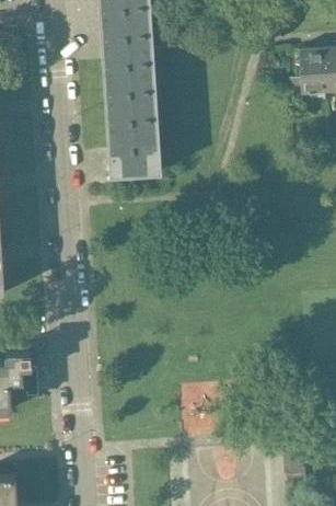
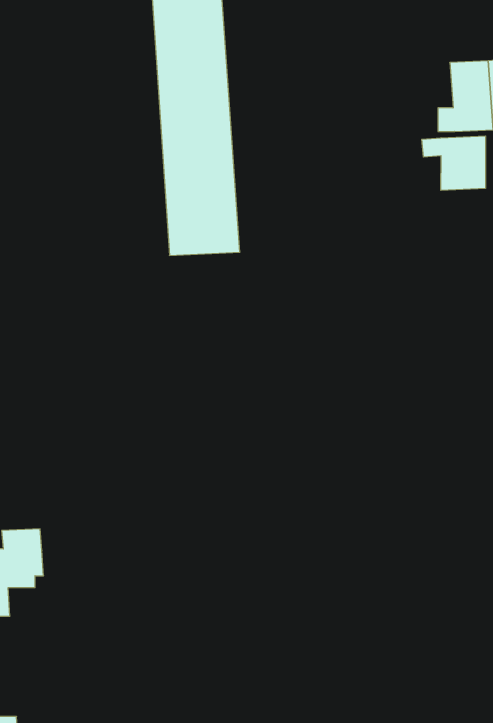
building: none -> [422,136,486,190]

